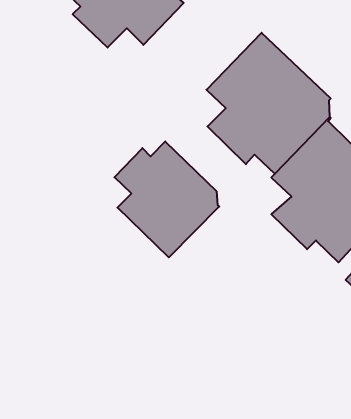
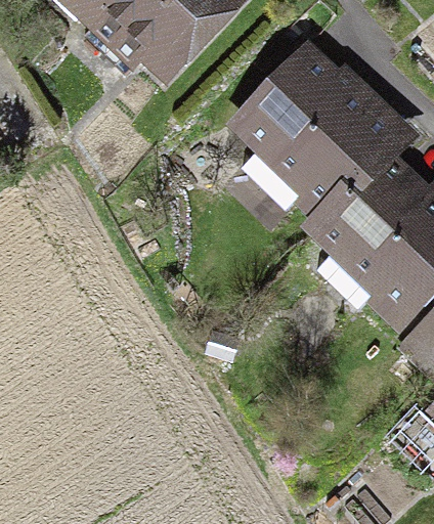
building: [114,141,219,257] -> none

